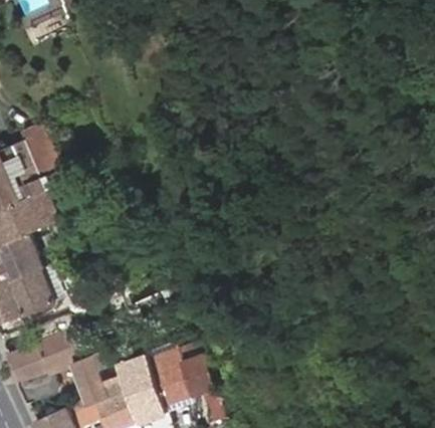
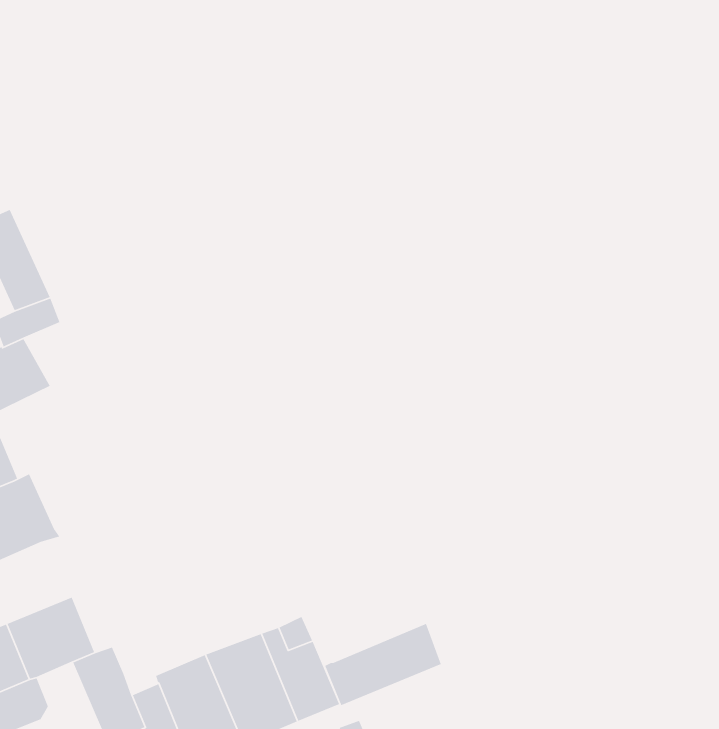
building: none -> [324,623,442,706]

